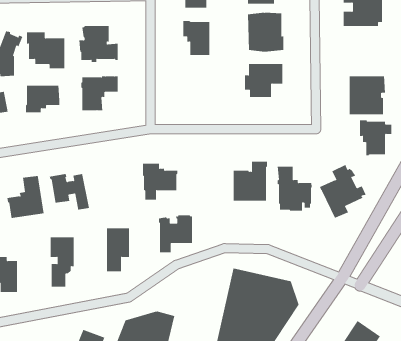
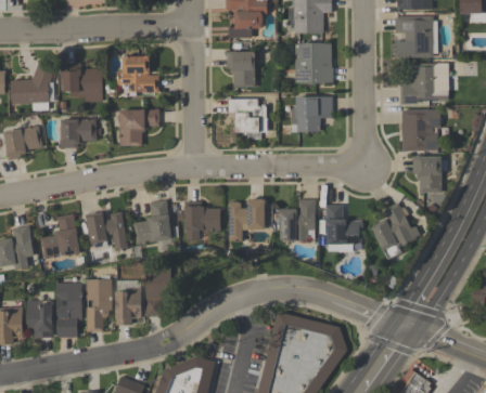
building: none -> [399,62,448,103]
building: none -> [228,97,267,132]
building: none -> [132,199,171,244]
building: [158,215,193,253] -> [228,198,265,238]
building: none -> [56,281,81,337]
building: none -> [114,287,141,324]

